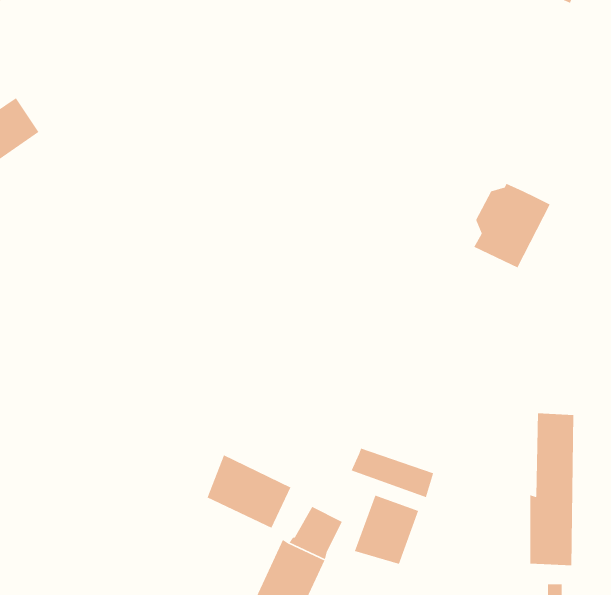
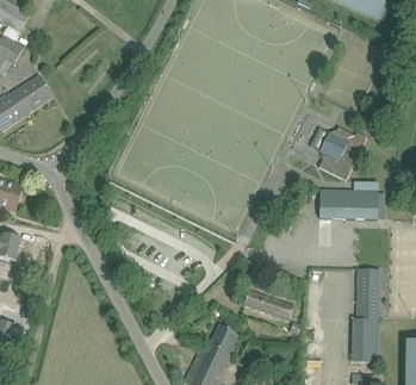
building: none -> [319,180,378,218]
building: [207,454,291,529] -> none
building: [354,495,419,565] -> none

